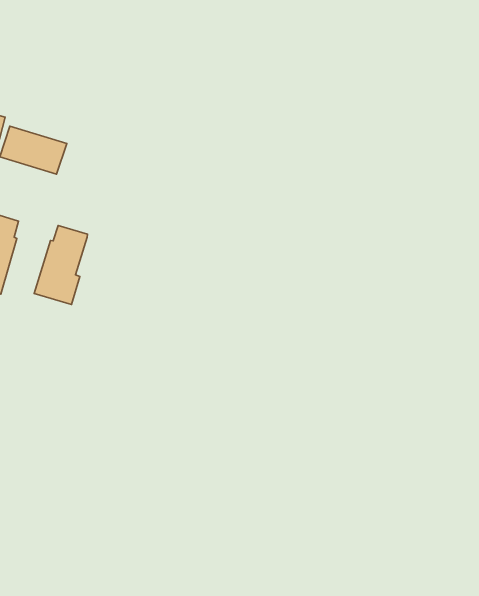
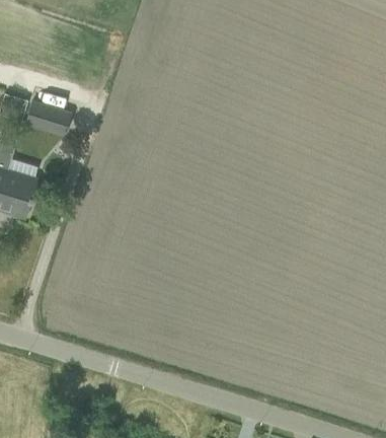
building: [34,226,88,305] -> none

